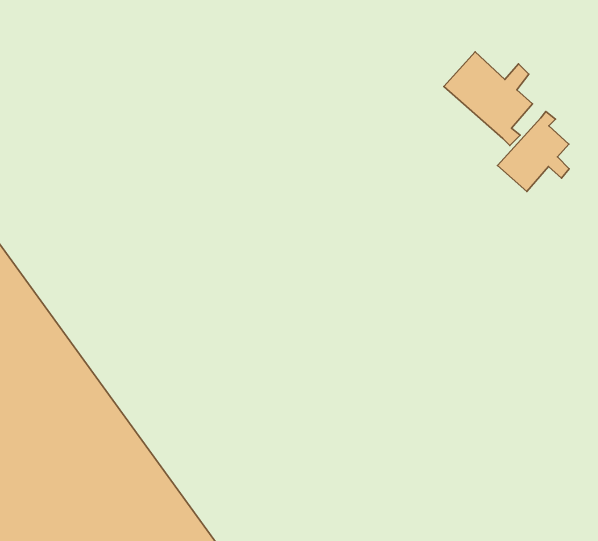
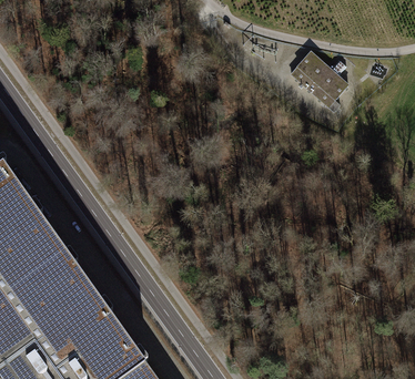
building: [497,111,569,192] -> none

